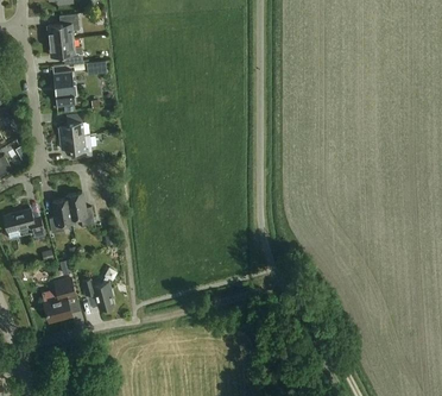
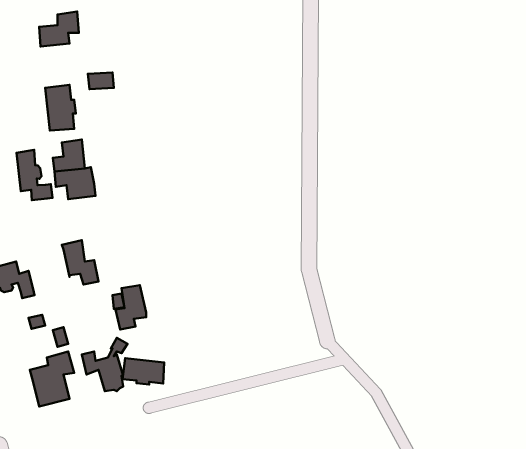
building: [49,38,82,64] -> none
building: none -> [16,150,52,200]
building: [48,199,71,233] -> [116,285,146,329]
building: none -> [123,358,164,385]

